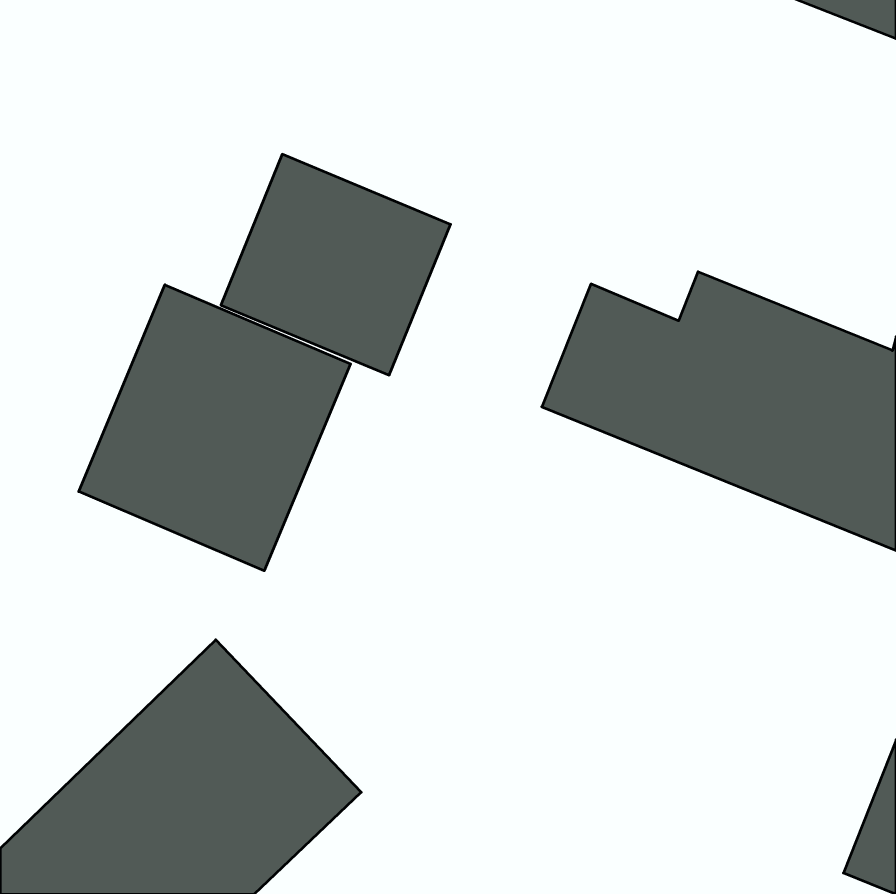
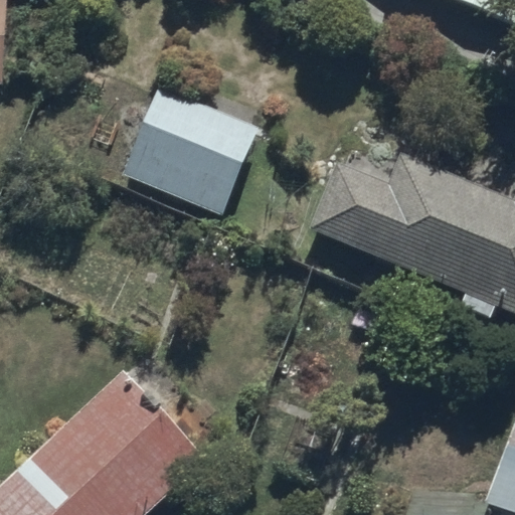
building: [79,285,351,571] -> none

